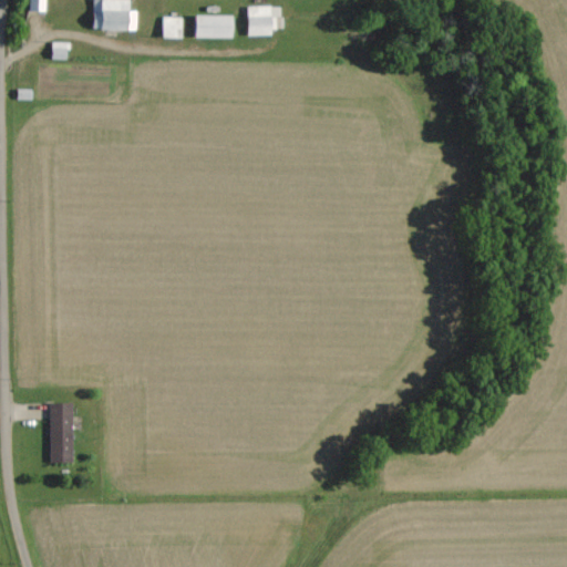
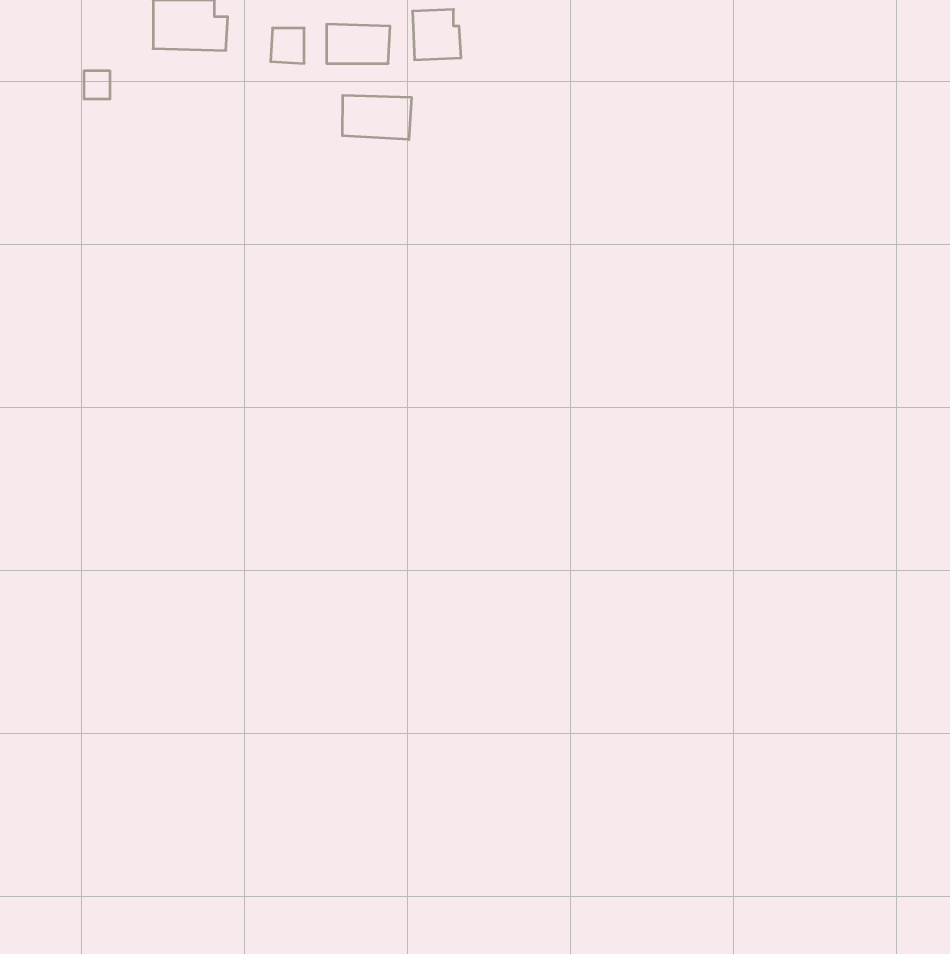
building: none -> [342,95,411,140]
building: [51,402,73,463] -> none

